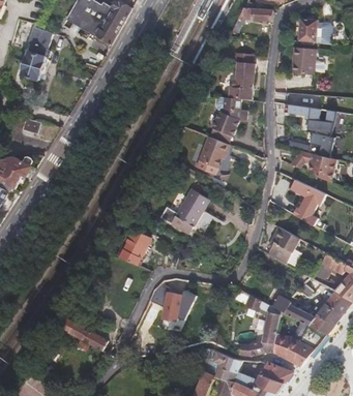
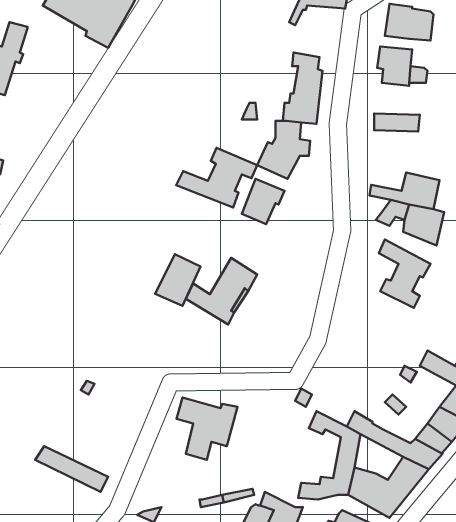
building: [282,103,332,136] -> none
building: none -> [176,148,257,208]
building: [266,227,299,265] -> none
building: [116,229,147,264] -> [155,254,201,306]

